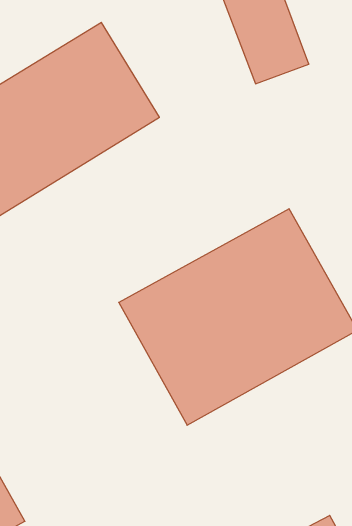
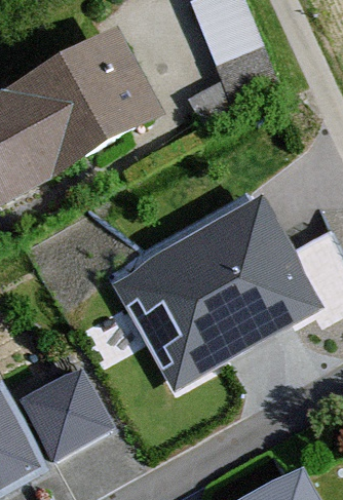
building: none -> [28,350,125,447]

